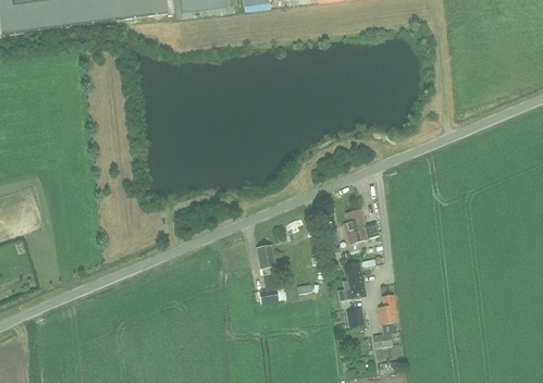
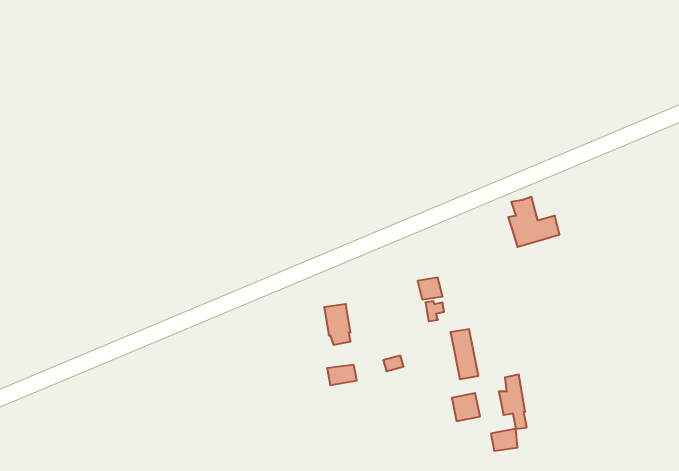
building: [343,208,379,243] -> [508,197,560,247]

